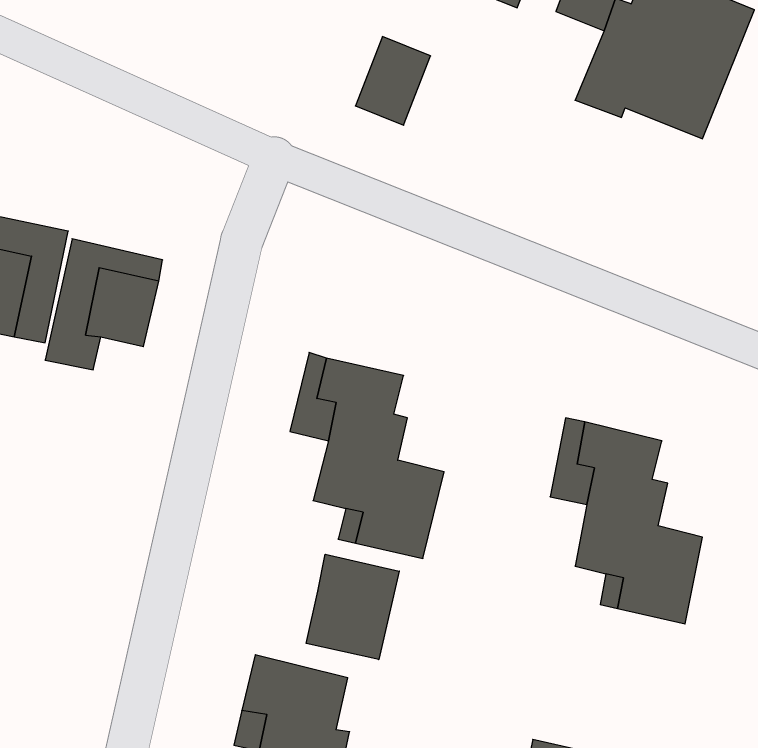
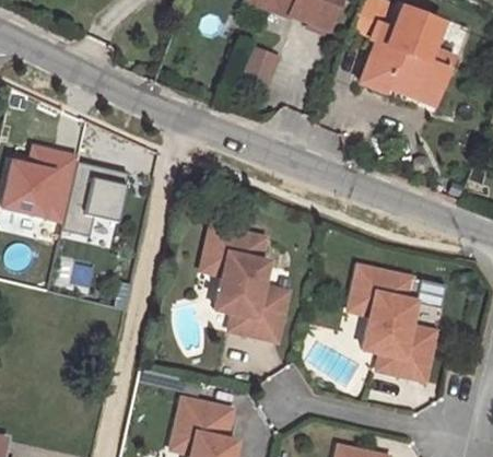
building: [306,554,399,660] -> none

